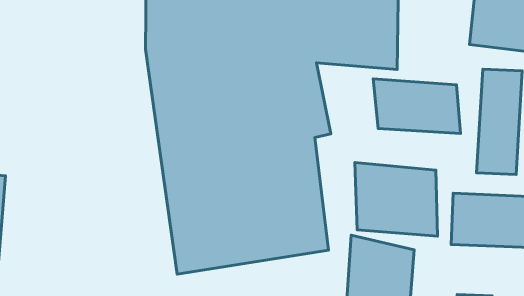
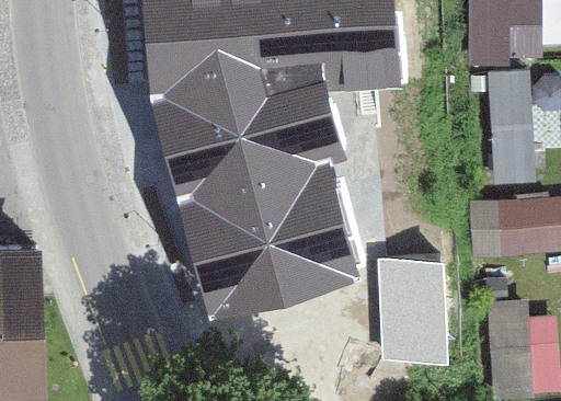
building: [373,79,460,134] -> none
building: [355,163,437,236] -> none

